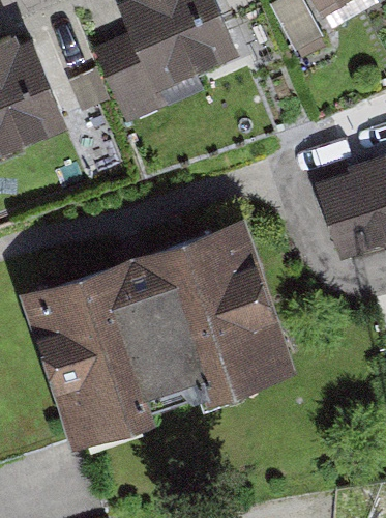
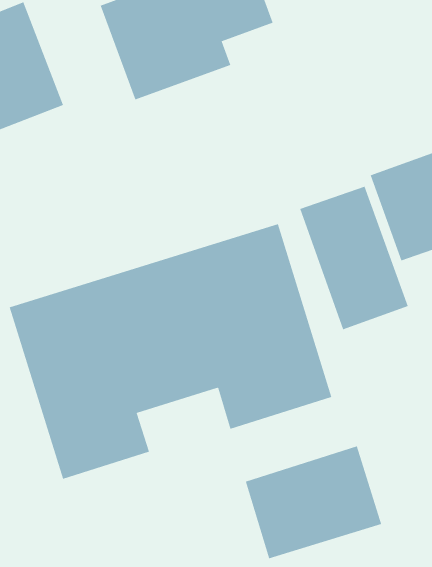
building: none -> [300,186,409,330]
building: none -> [245,446,382,559]

